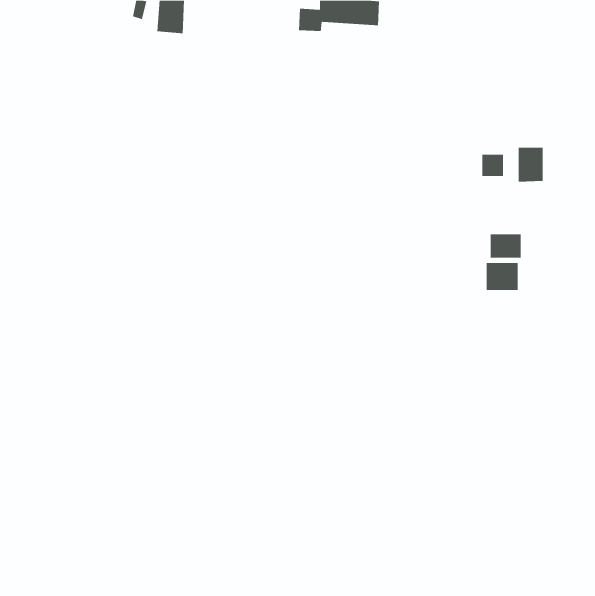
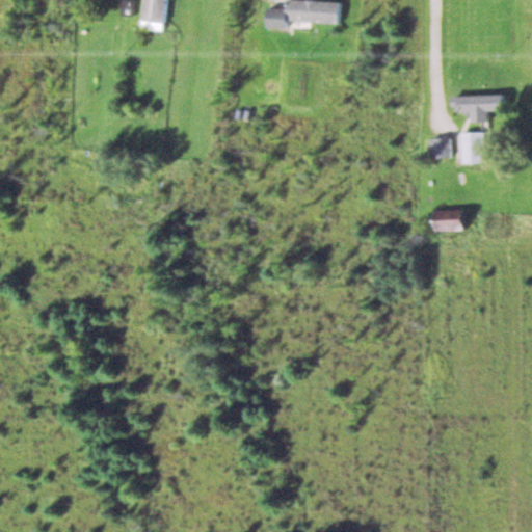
building: none -> [452,95,503,123]
building: [486,262,518,291] -> none

